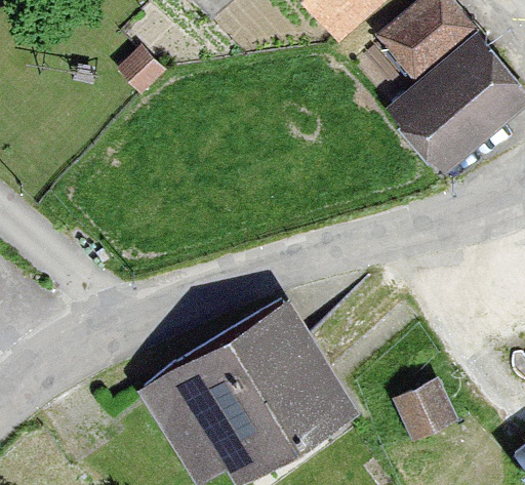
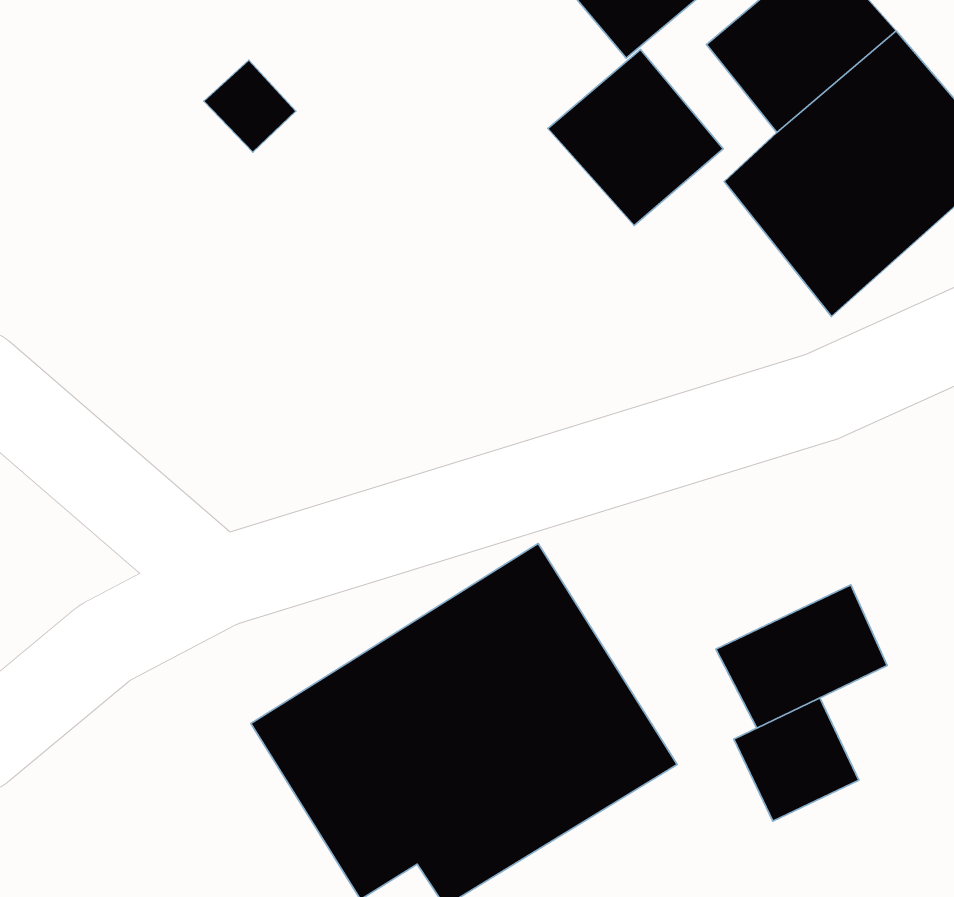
building: none -> [548,49,723,225]
building: none -> [716,585,887,728]

